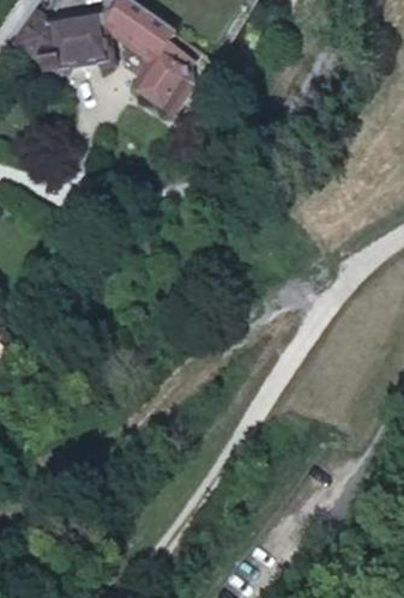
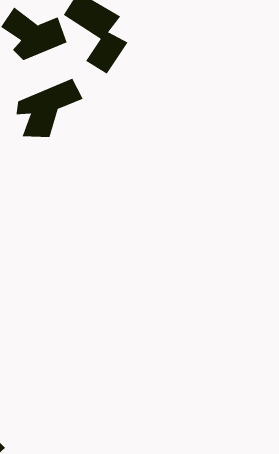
building: none -> [16,78,83,138]

